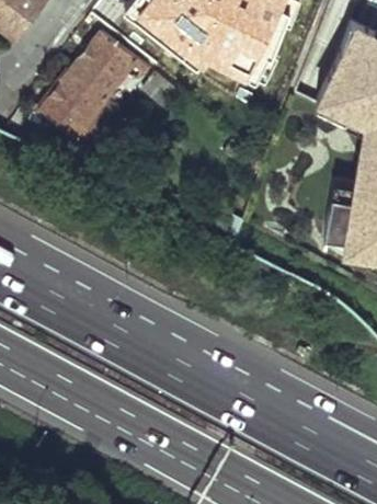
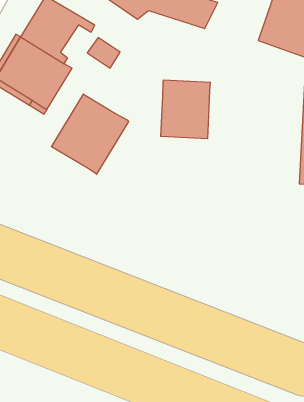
building: none -> [161,80,210,139]
building: none -> [51,94,129,174]

